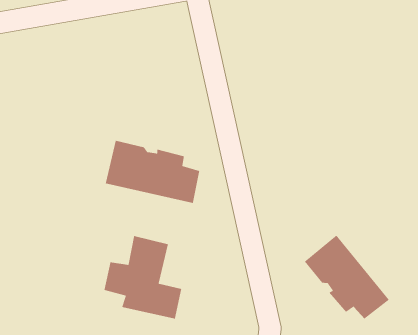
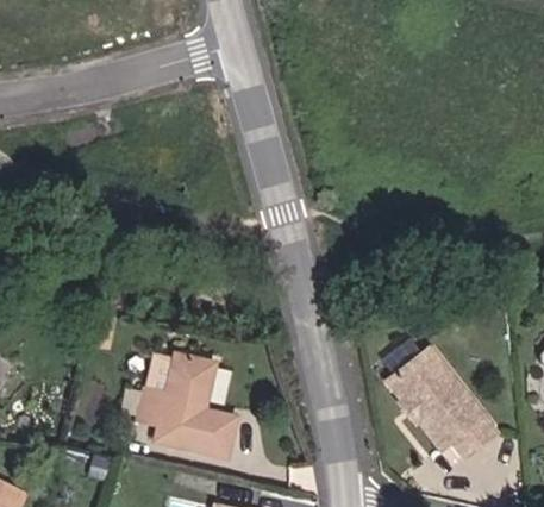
building: [105,140,200,204] -> none

